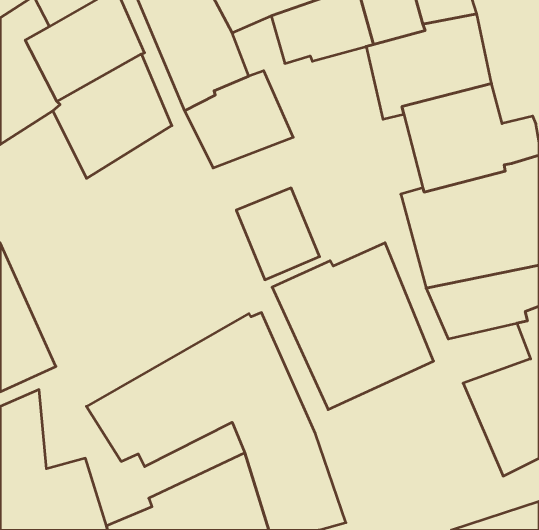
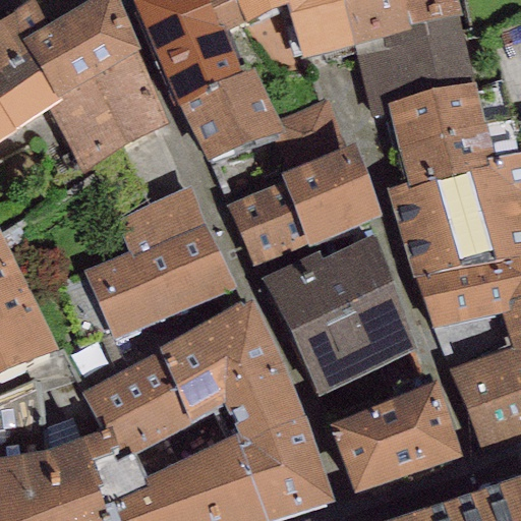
building: none -> [279,146,382,247]
building: none -> [84,184,235,338]
building: none -> [328,389,461,497]

